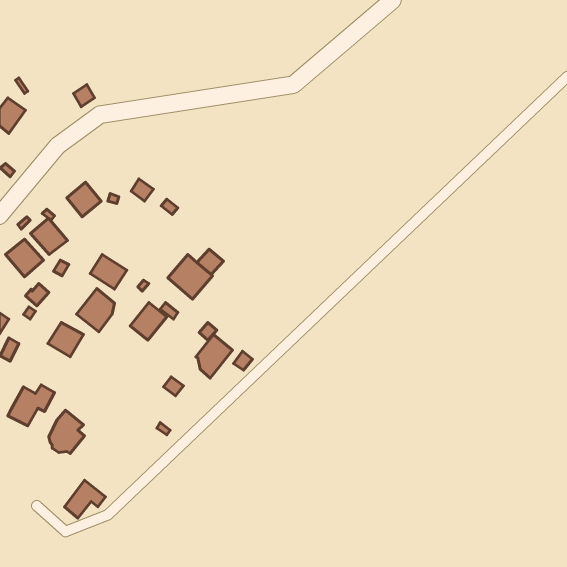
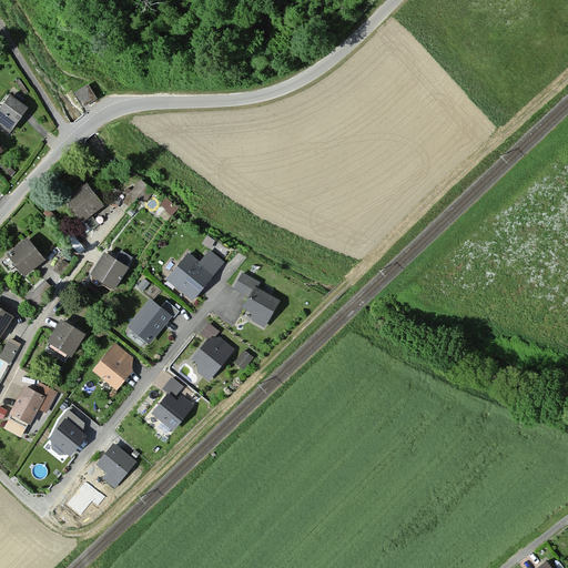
building: [30,218,67,255] -> none
building: none -> [233,273,275,324]
building: [77,289,114,332] -> [93,344,131,387]
building: none -> [152,393,192,427]
building: none -> [99,446,133,488]

